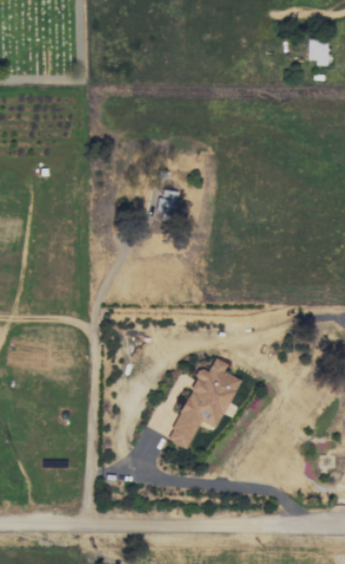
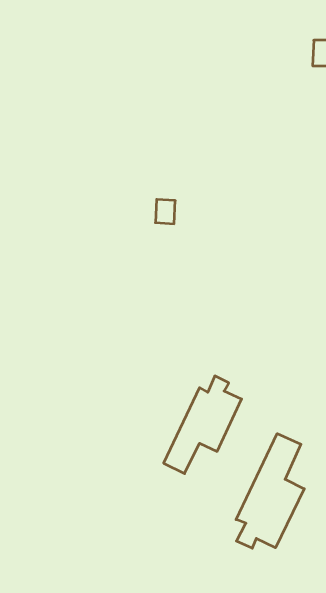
building: none -> [236,434,304,548]

